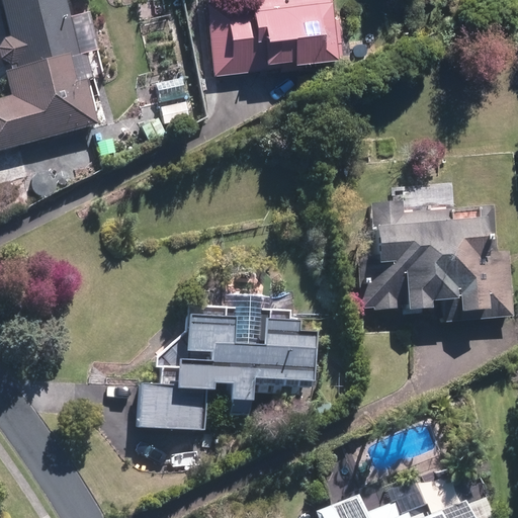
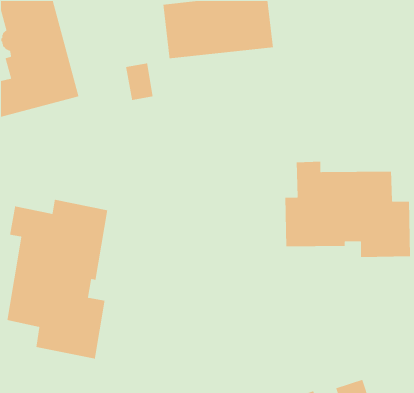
building: none -> [6,199,108,360]
building: [138,294,308,428] -> none

